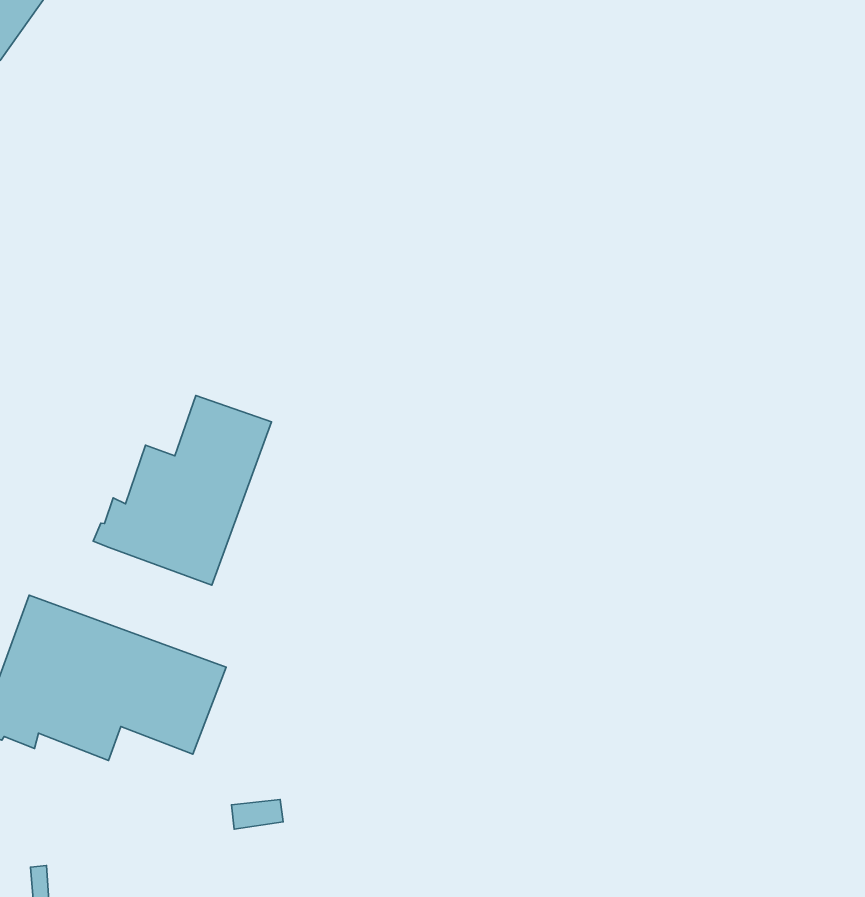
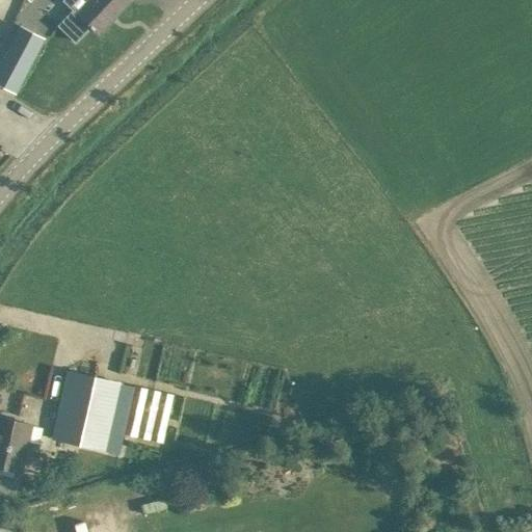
building: [93,396,272,585] -> none

